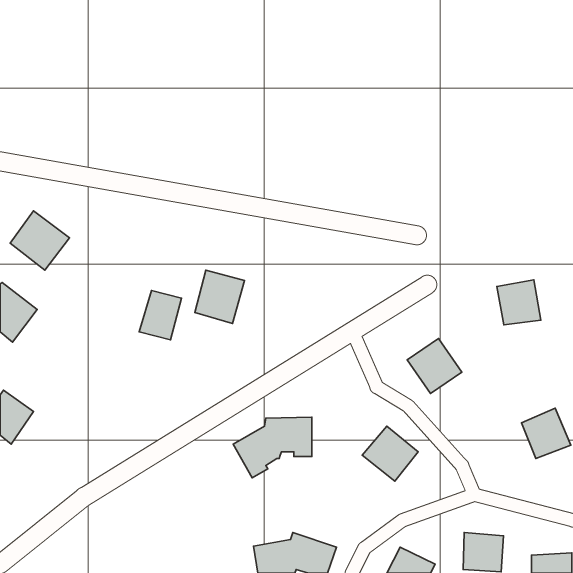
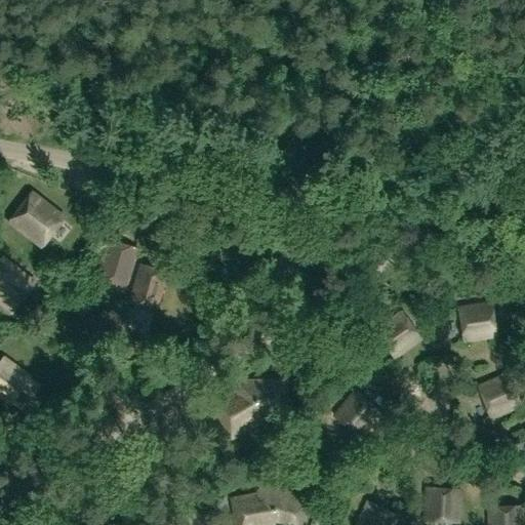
building: none -> [96,240,137,288]
building: [195,270,244,324] -> none
building: [497,280,541,325] -> [457,301,497,342]

